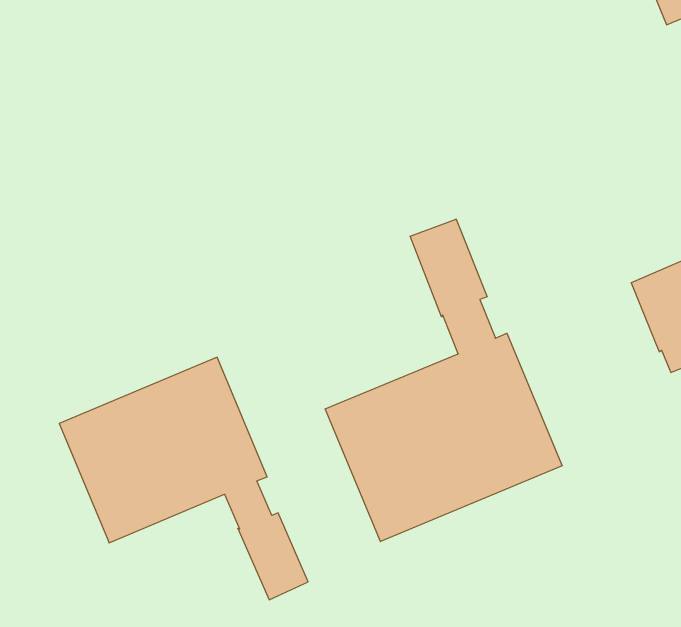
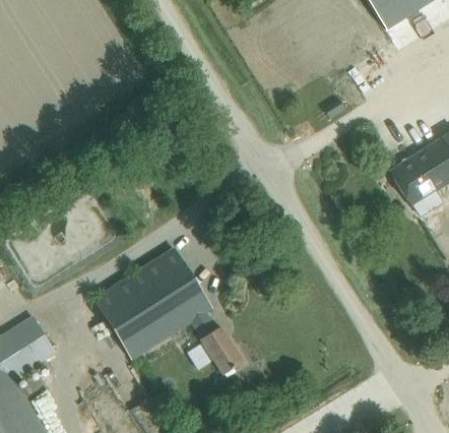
building: [325,219,562,542] -> none

